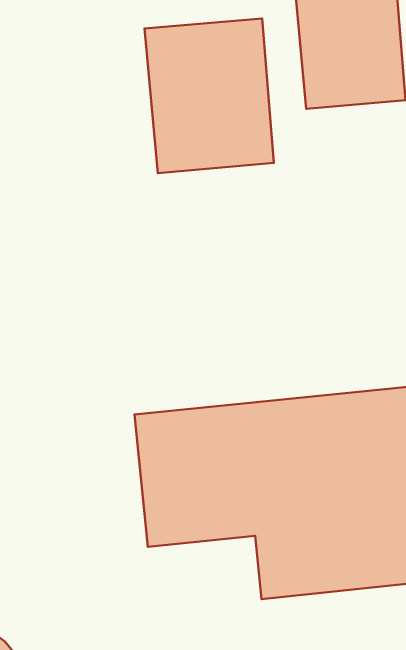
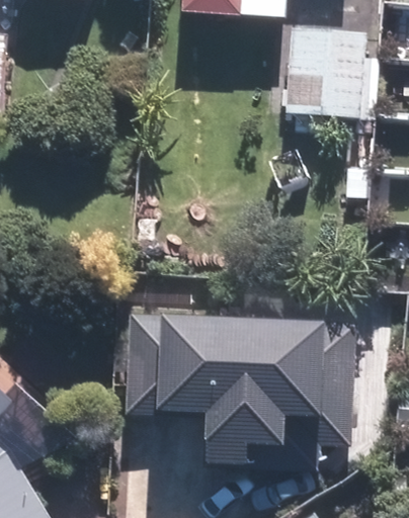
building: [145,18,274,173] -> none

